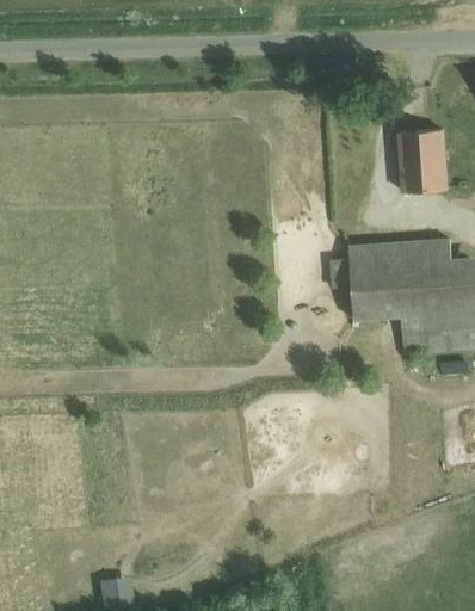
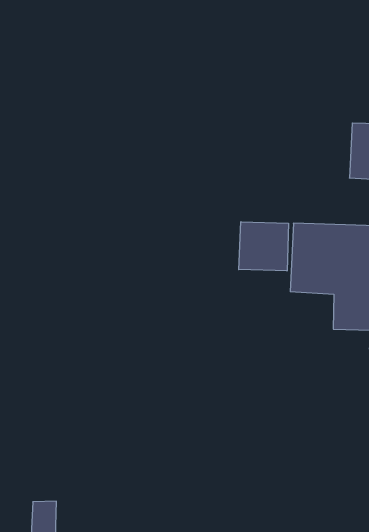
building: none -> [239,222,288,271]

